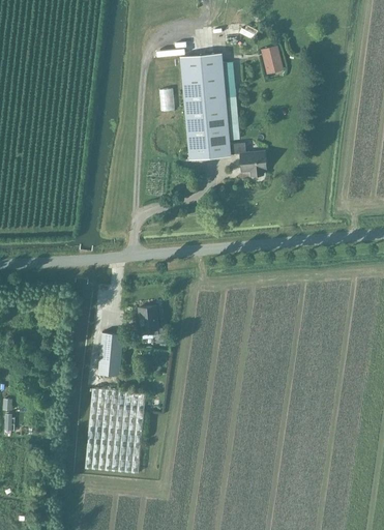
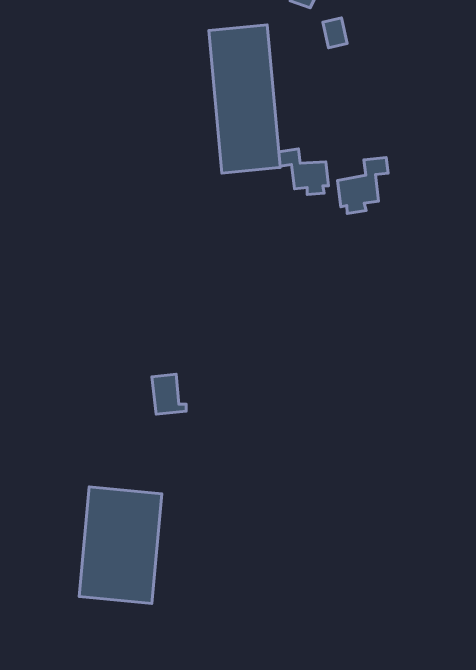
building: none -> [338,158,388,213]
building: [98,332,123,376] -> none

